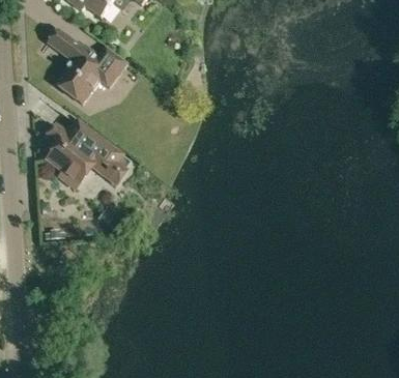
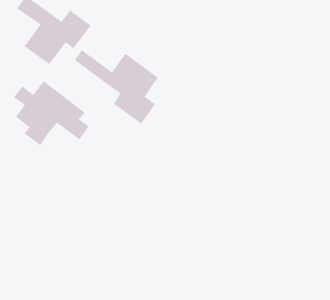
building: none -> [74,49,158,125]

